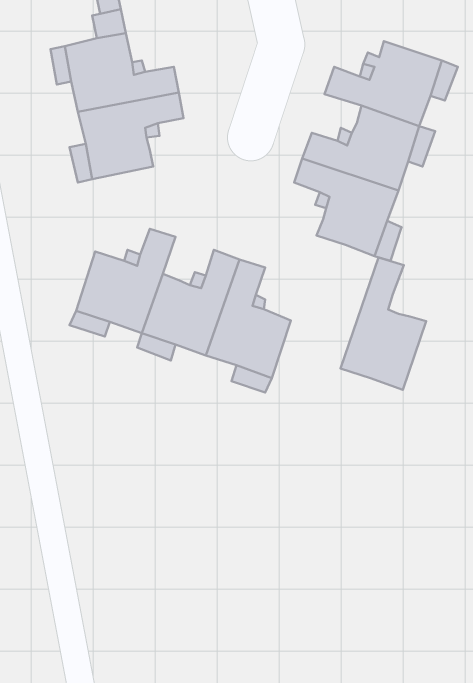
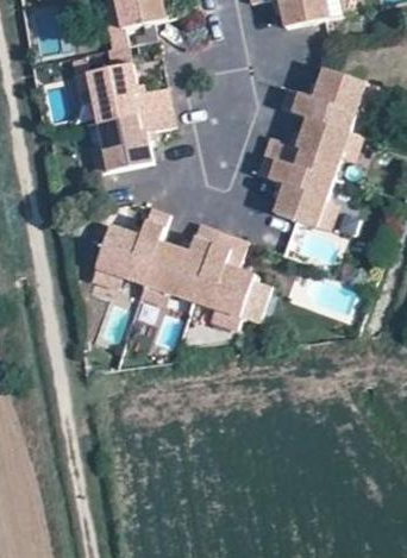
building: [340,257,426,390] -> none

